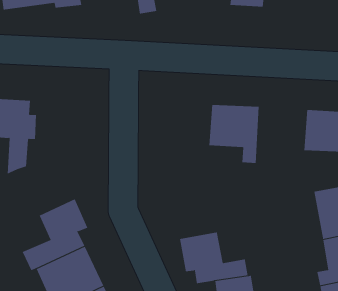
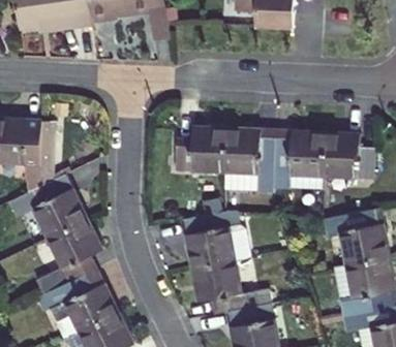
building: none -> [180,127,230,171]
building: none -> [276,131,328,193]
building: none -> [30,180,89,244]
building: none -> [189,213,241,267]

